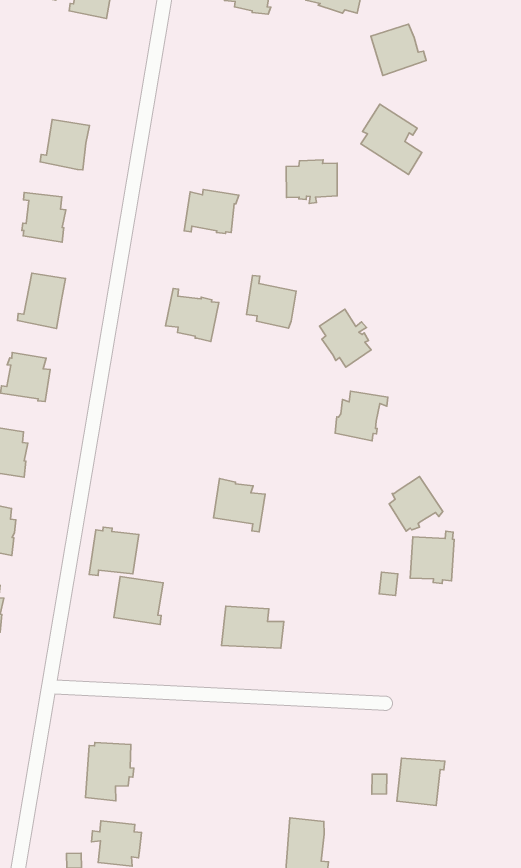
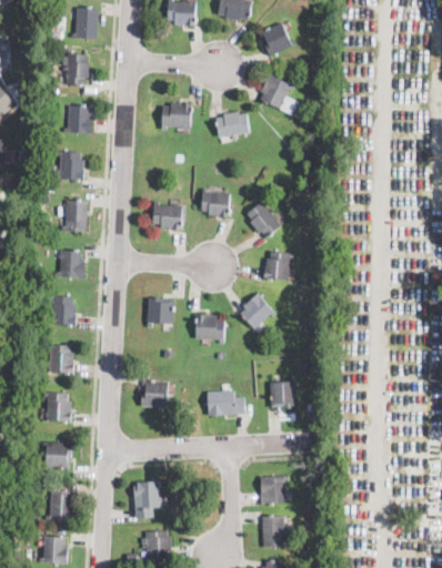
building: none -> [62,53,89,85]
building: [184,189,239,234] -> [161,103,192,130]
building: [389,476,443,531] -> [241,294,274,328]
building: [89,527,139,575] -> [147,297,174,327]
building: [410,531,454,583] -> [270,377,297,409]
building: [397,758,445,805] -> [260,476,287,504]

